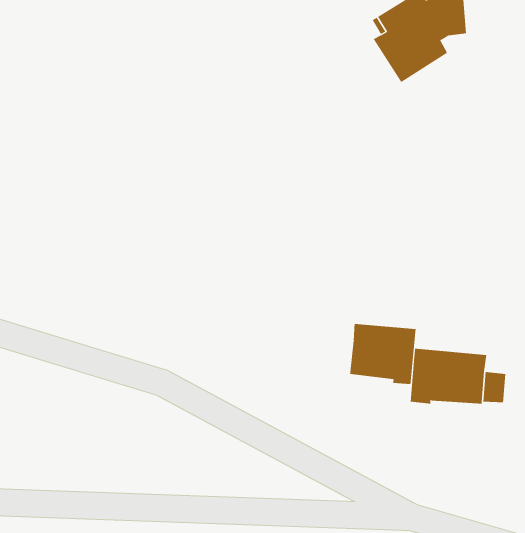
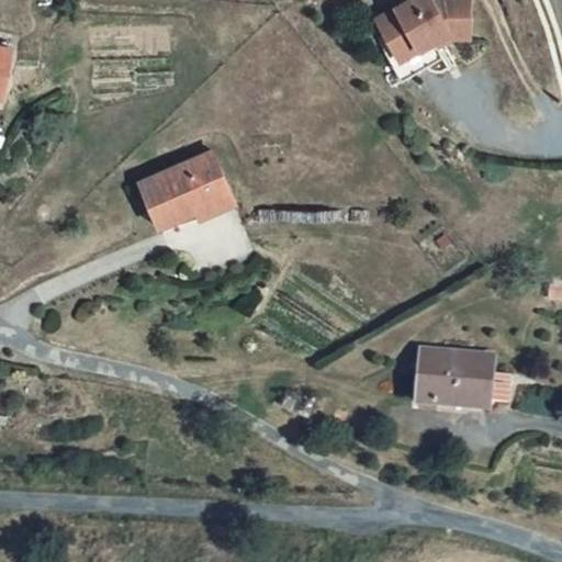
building: none -> [137,151,227,226]
building: [350,323,416,385] -> none

